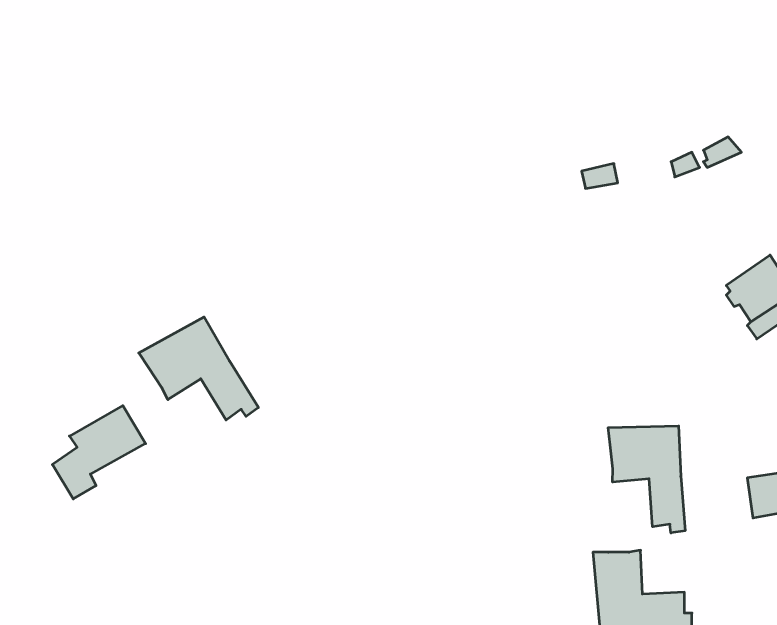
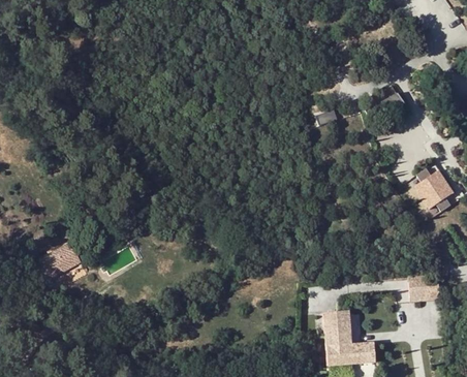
building: [139,317,258,420] -> none
building: [608,426,685,533] -> none

